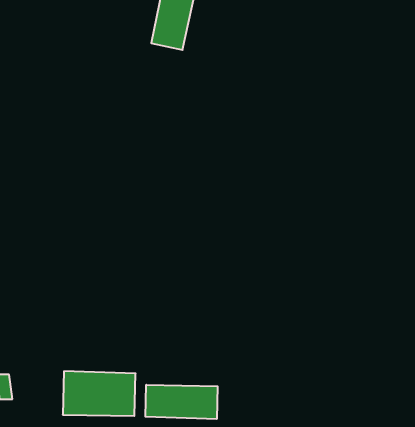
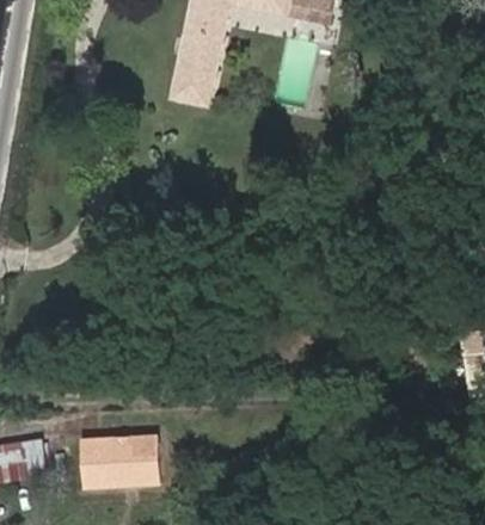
building: [145,385,218,419] -> none

